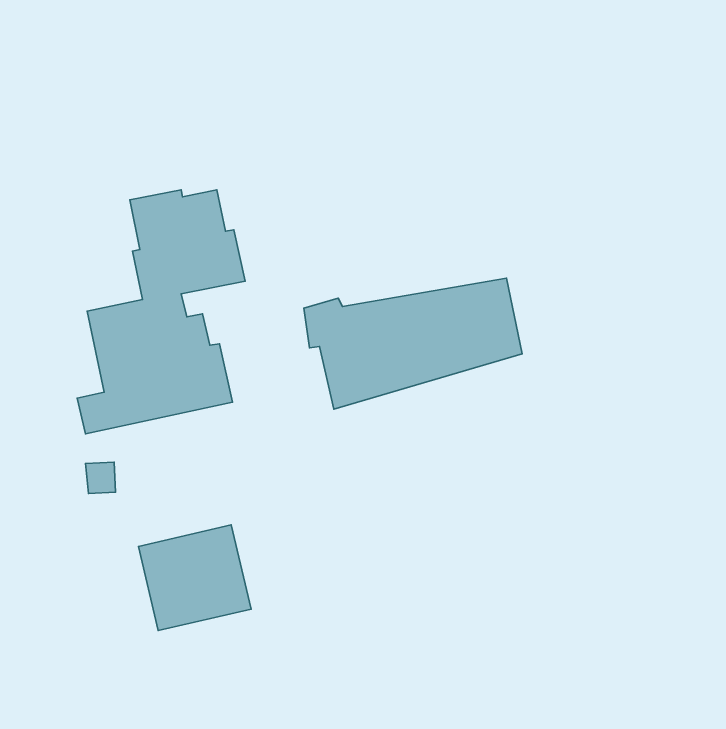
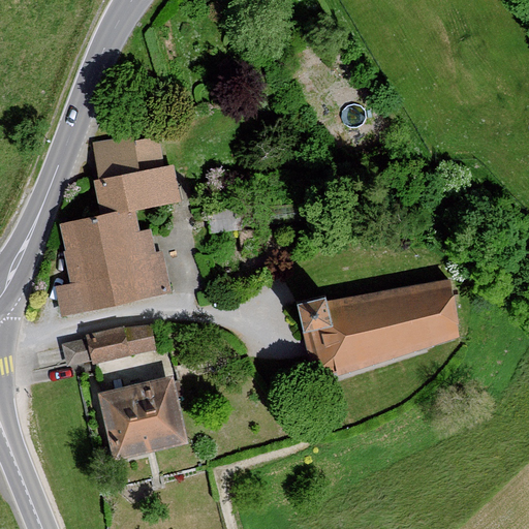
building: [304,278,522,409] -> [297,283,455,378]
building: none -> [87,323,152,362]

